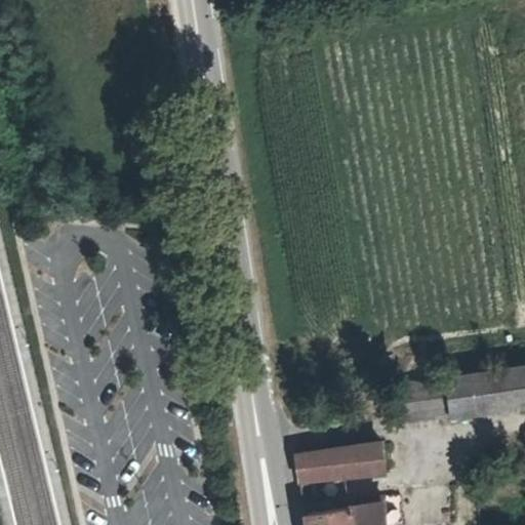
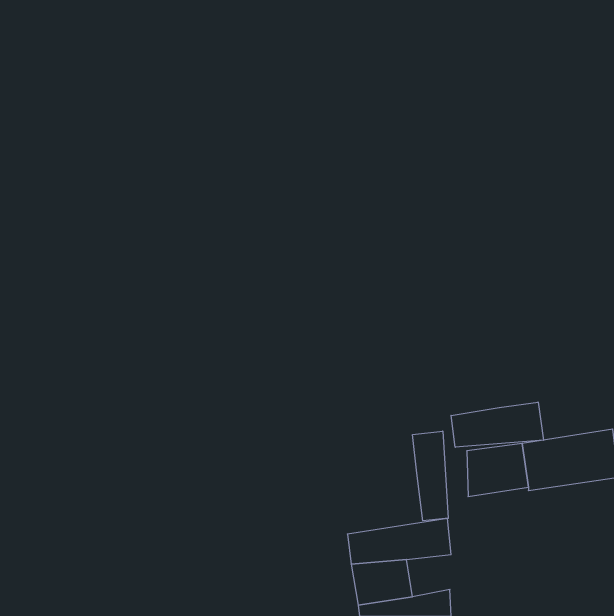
building: none -> [451,402,544,447]
building: none -> [413,431,448,521]

